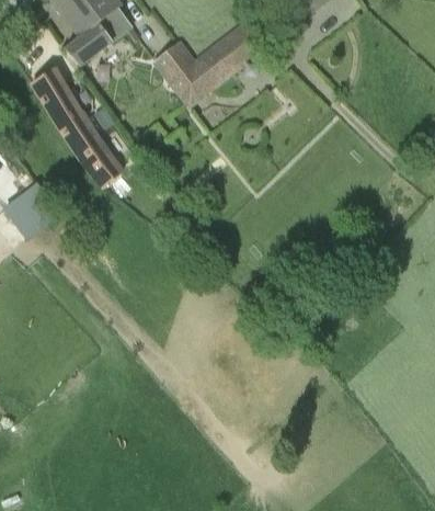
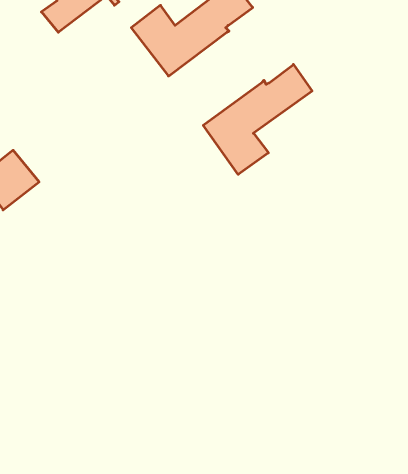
building: [28,65,123,186] -> none
building: none -> [203,64,312,174]

